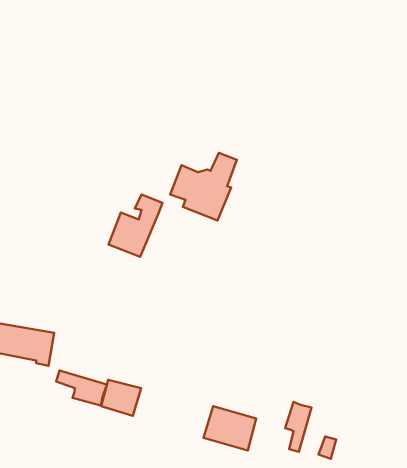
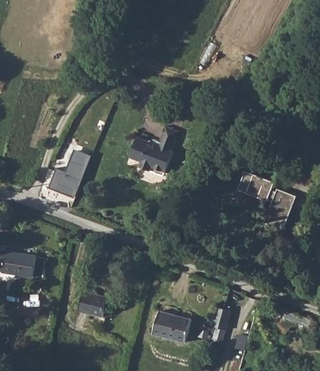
building: [108,195,162,257] -> [49,157,88,202]
building: none -> [236,171,294,231]
building: [56,370,107,405] -> none

